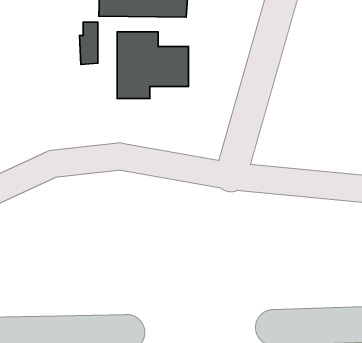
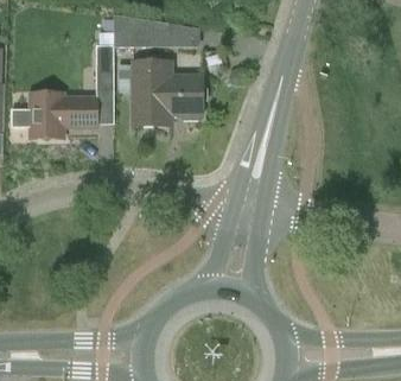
building: none -> [30,93,96,138]

